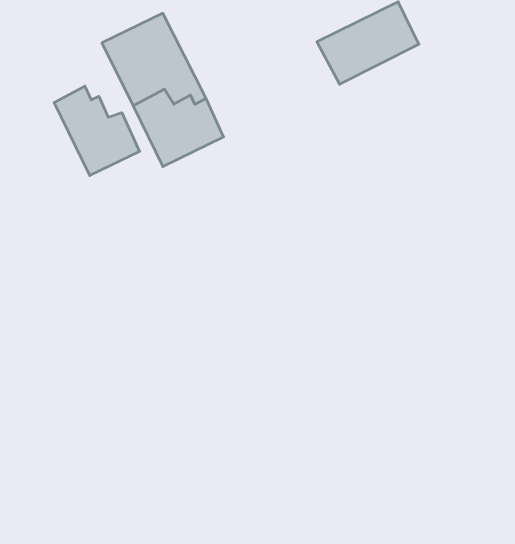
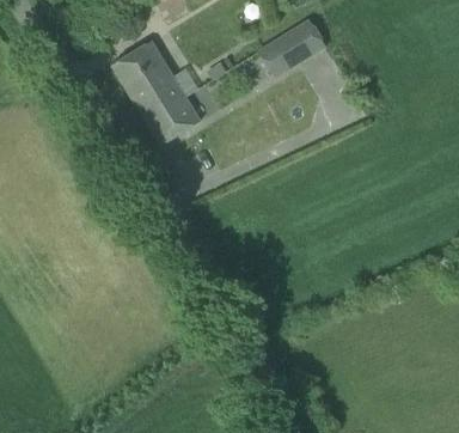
building: [54,86,140,176] -> none

